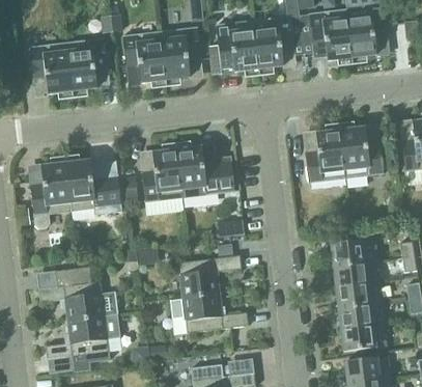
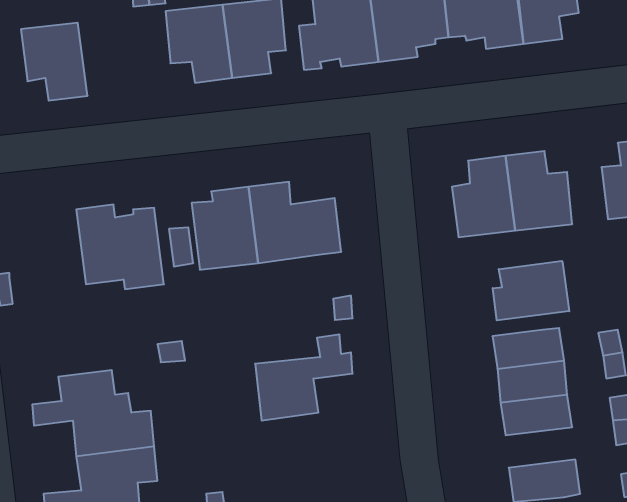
building: [66,39,108,91] -> none
building: [28,164,71,229] -> none
building: none -> [493,261,569,320]
building: [170,294,249,333] -> none
building: [339,303,384,329] -> none

